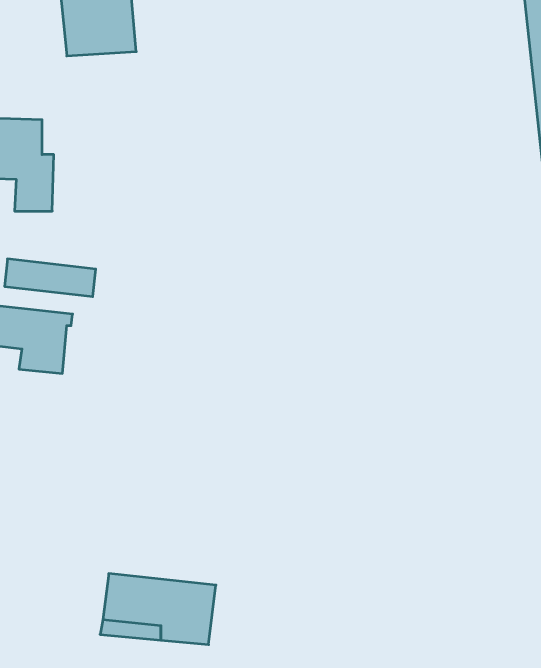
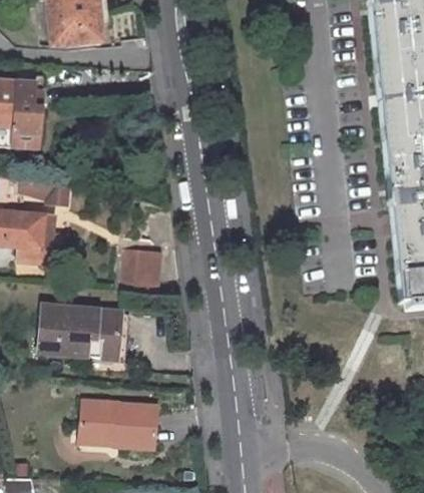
building: none -> [121,249,163,293]
building: none -> [40,304,121,358]

